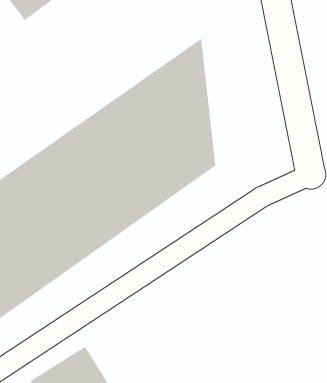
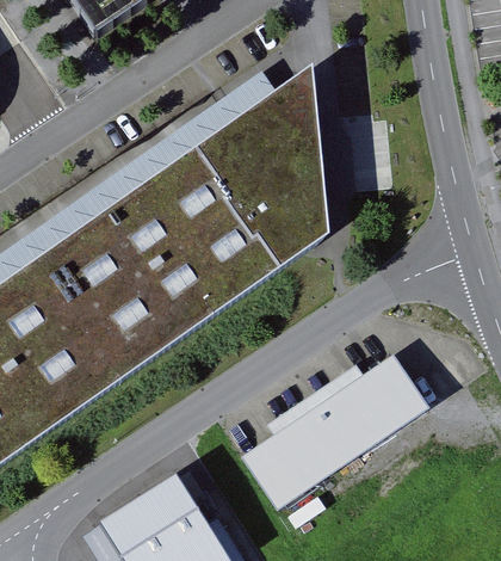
building: none -> [236,351,427,508]

